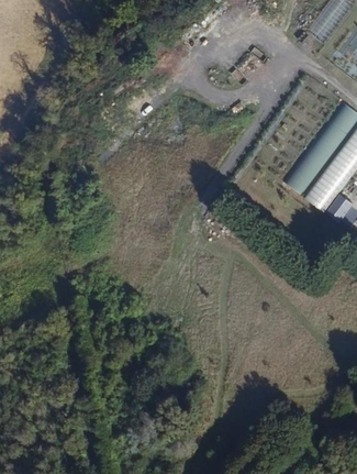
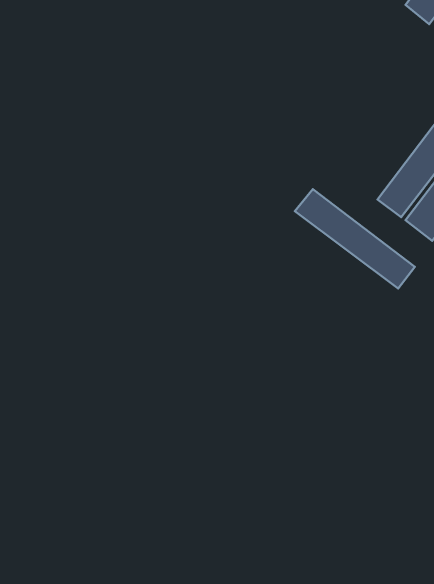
building: none -> [295,189,415,288]

